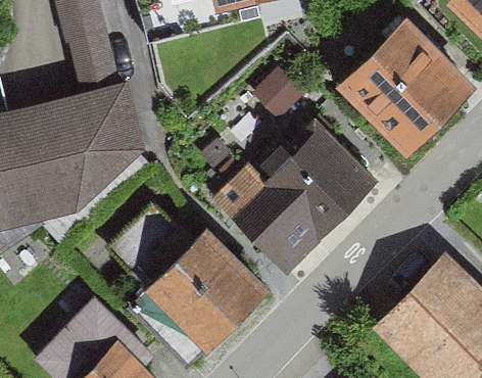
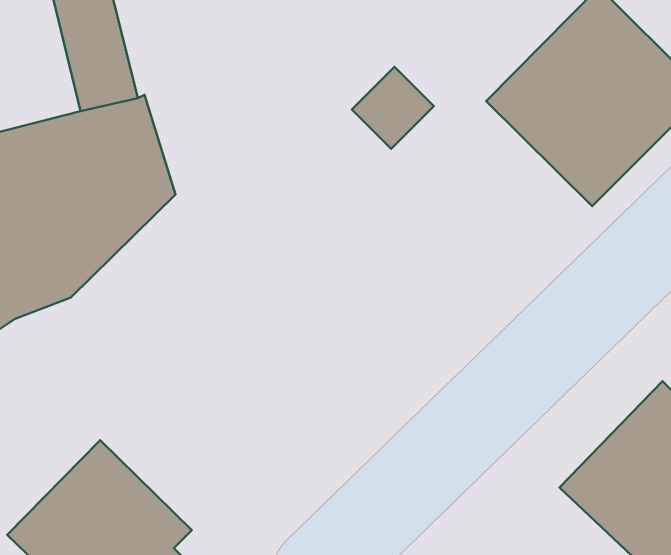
building: [226,113,375,264] -> none
building: [141,220,266,344] -> none

